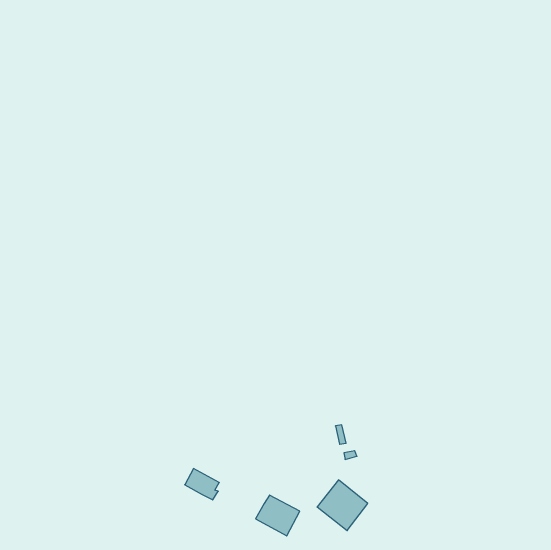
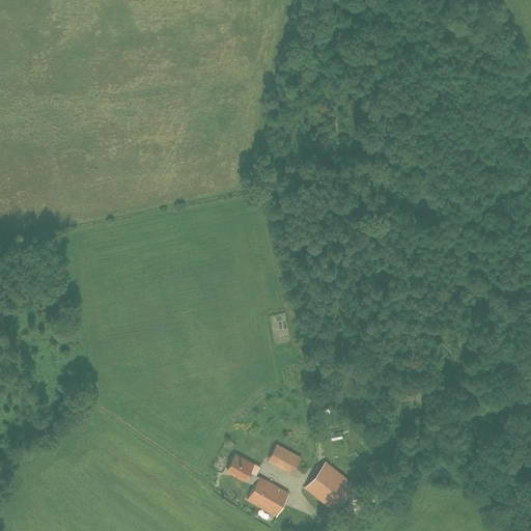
building: none -> [262,444,298,473]
building: [185,469,219,500] -> [227,455,260,485]

